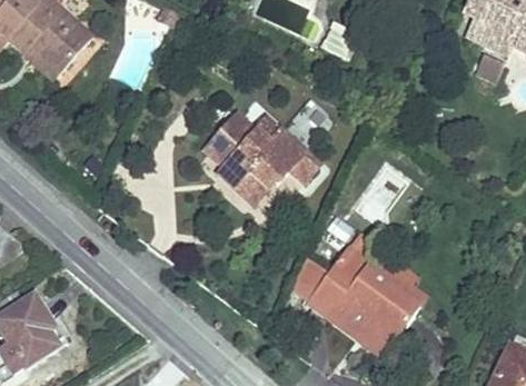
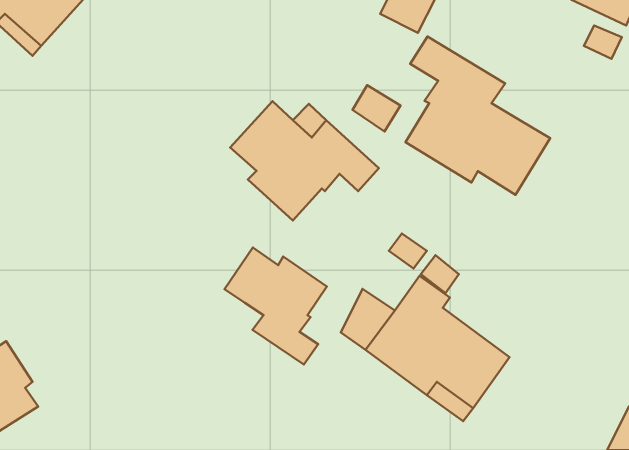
building: none -> [406,37,550,195]
building: none -> [225,248,327,364]
building: [367,259,427,309] -> none

